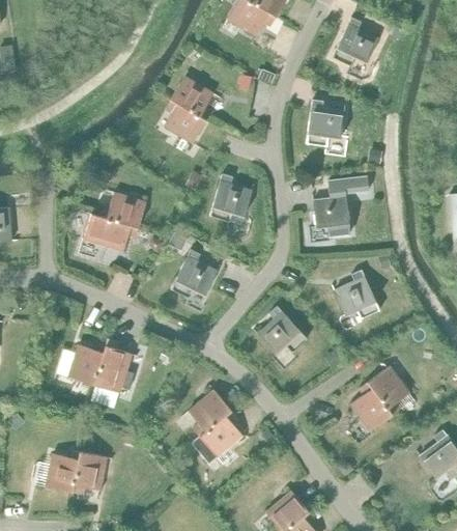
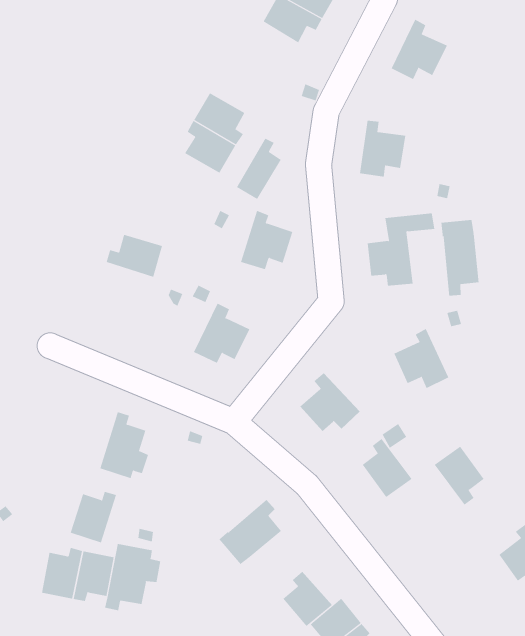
building: none -> [236,138,281,200]
building: none -> [441,219,479,296]
building: [84,214,139,251] -> none
building: [68,342,107,385] -> [70,491,117,543]
building: [351,382,393,430] -> [362,438,412,498]
building: [189,390,231,437] -> none
building: none -> [104,543,161,611]
building: none -> [283,571,333,627]

